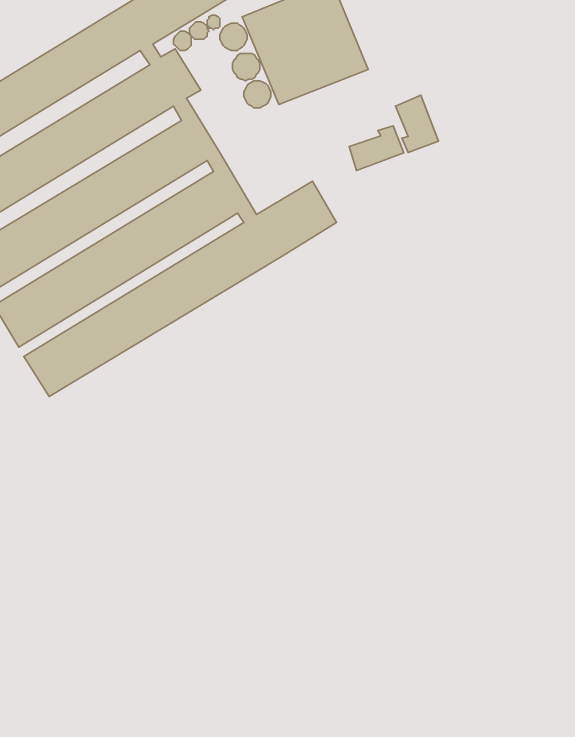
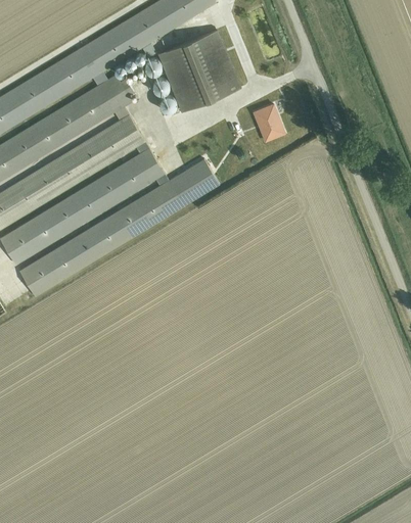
building: [349,126,404,171] -> none

